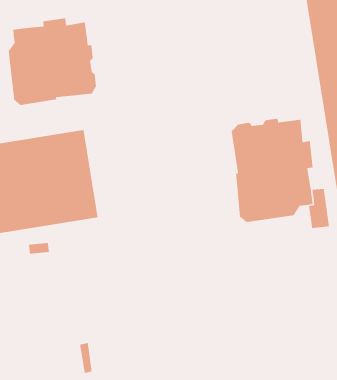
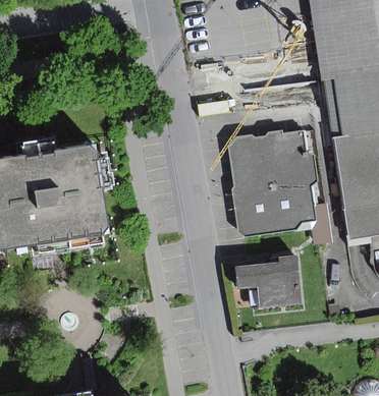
building: [8,17,97,106] -> none
building: none -> [238,254,306,307]

